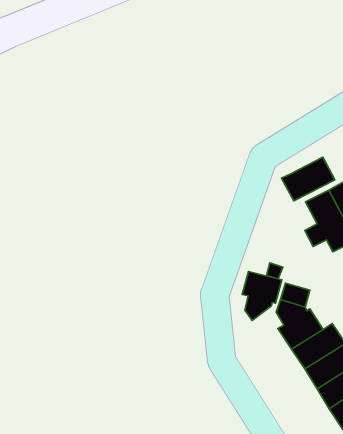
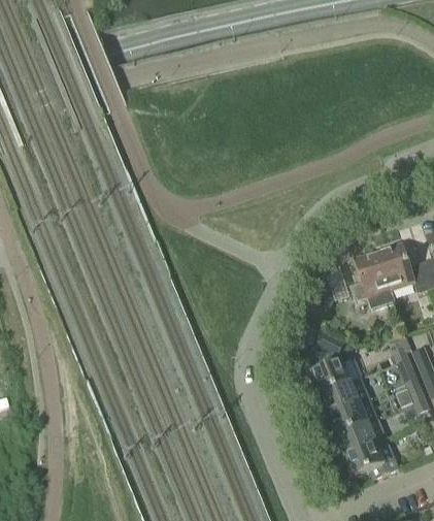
building: [282,157,335,201] -> none
building: [242,271,282,321] -> none

